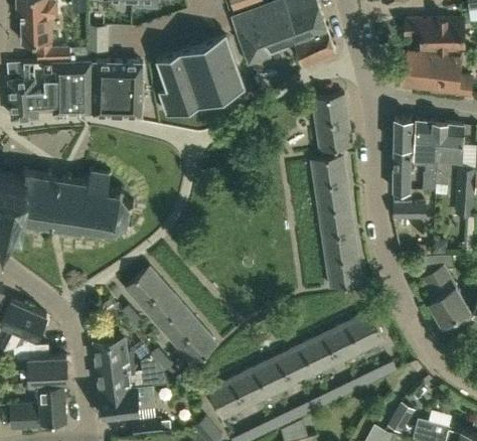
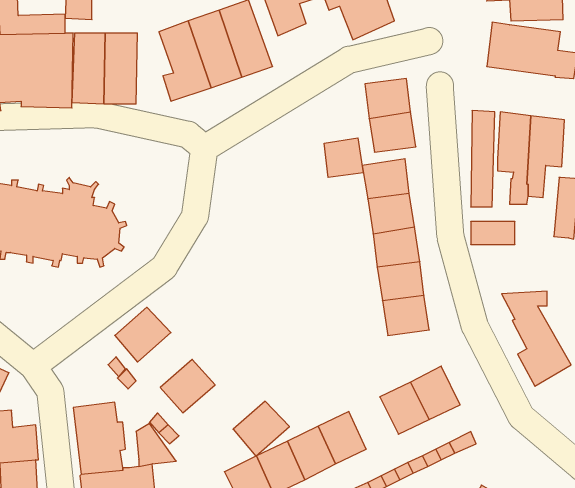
building: none -> [324,138,363,177]
building: [142,287,183,328] -> none
building: [176,326,218,368] -> [233,401,289,456]
building: [301,335,338,375] -> none

